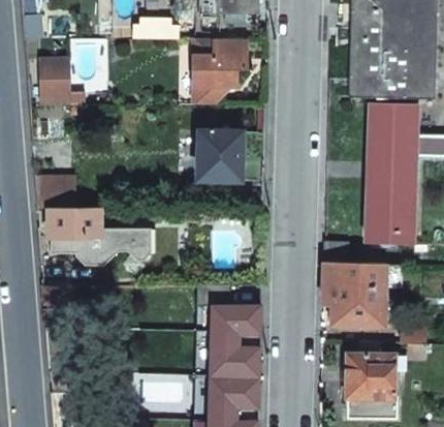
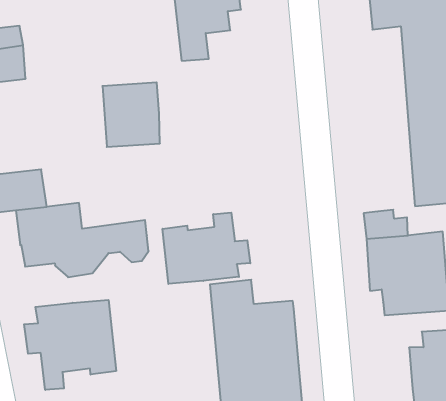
building: [198,129,244,180] -> [102,82,160,147]
building: none -> [163,213,250,284]
building: none -> [24,300,116,390]

